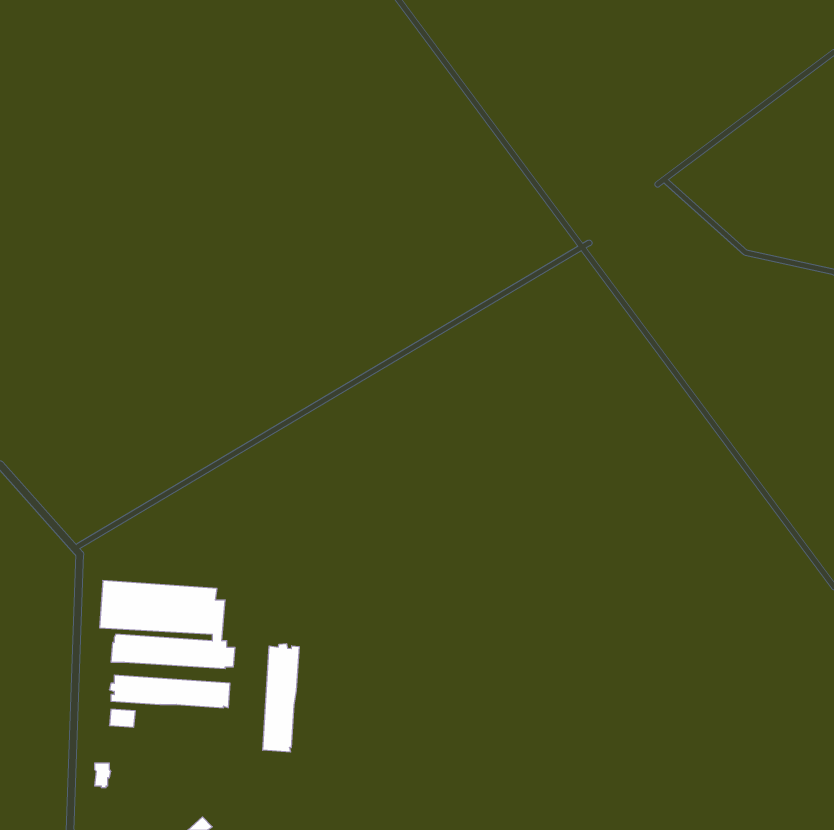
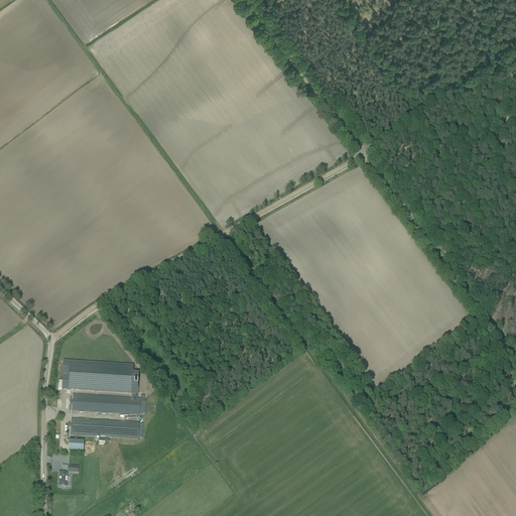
building: [263,644,299,752] -> none

